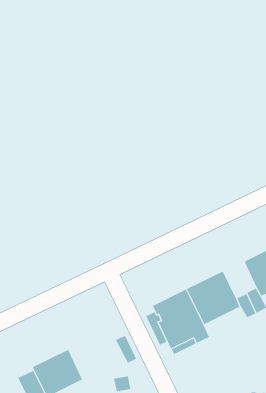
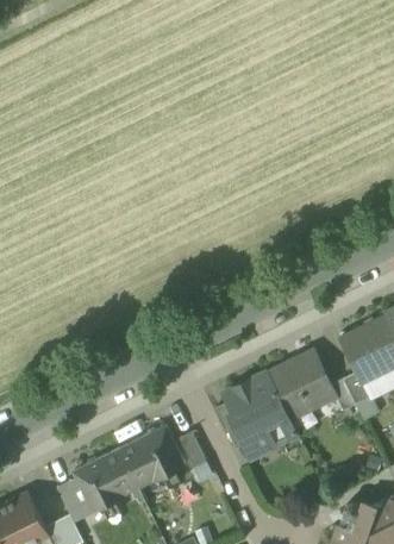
building: none -> [119,426,185,488]

